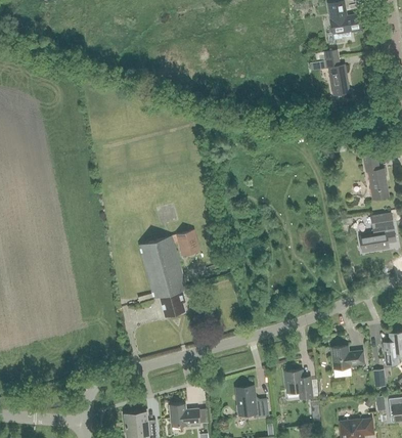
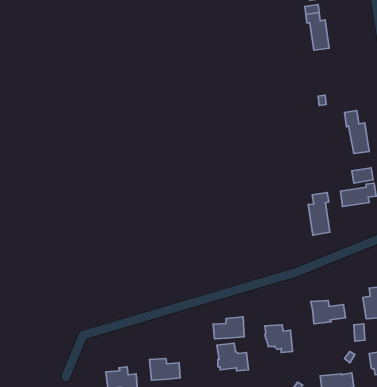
building: [139,229,200,316] -> none
building: none -> [308,192,330,235]
building: none -> [213,317,244,339]

